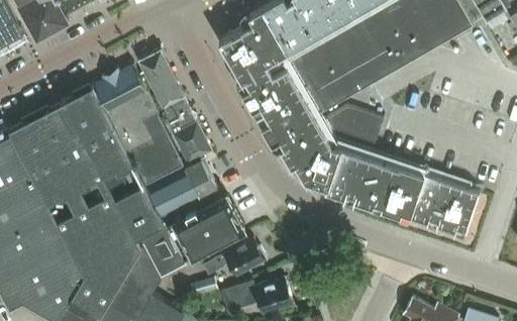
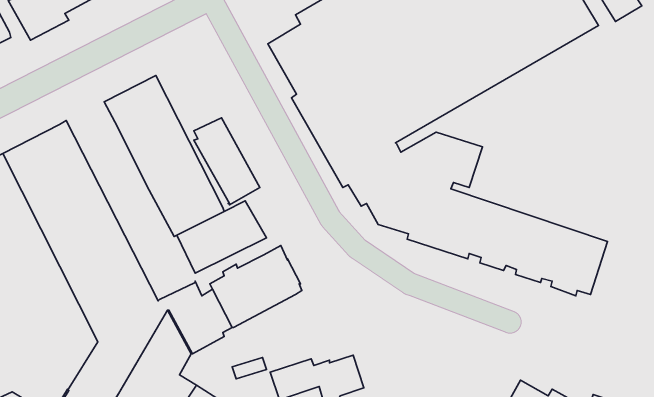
building: [139,49,184,106] -> none
building: [66,84,164,235] -> none
building: [203,238,266,275] -> none

